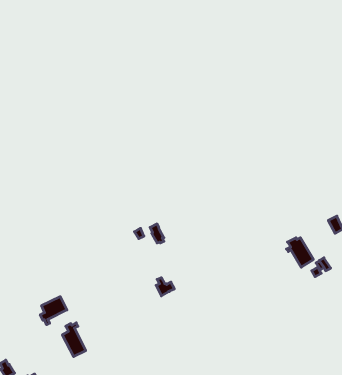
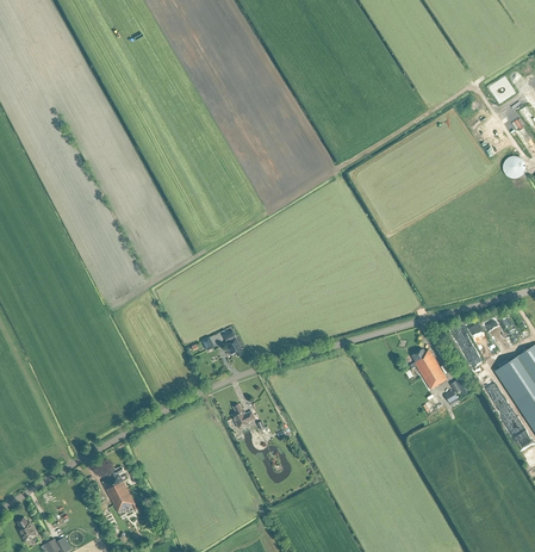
building: [40,297,67,325] -> none

